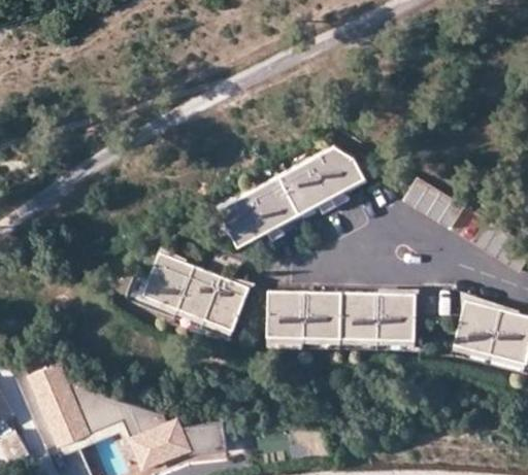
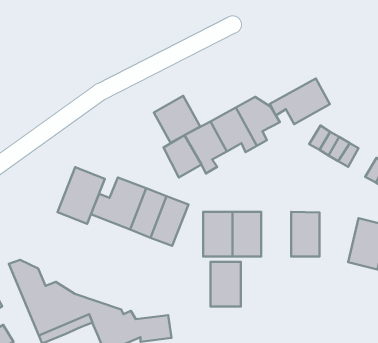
building: none -> [270,79,330,124]
building: none -> [154,96,200,143]
building: none -> [57,167,105,224]
building: [341,292,380,348] -> [211,262,241,307]

